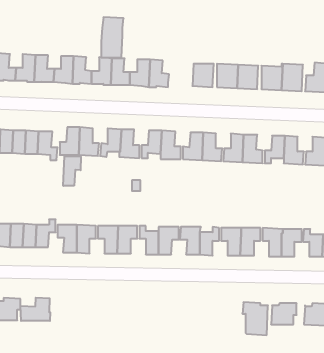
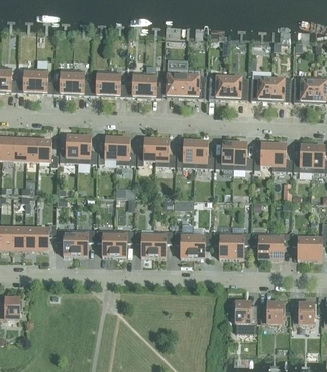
building: [101,17,124,58] -> [167,57,188,96]
building: [63,156,81,186] -> none
building: [20,298,50,321] -> none

